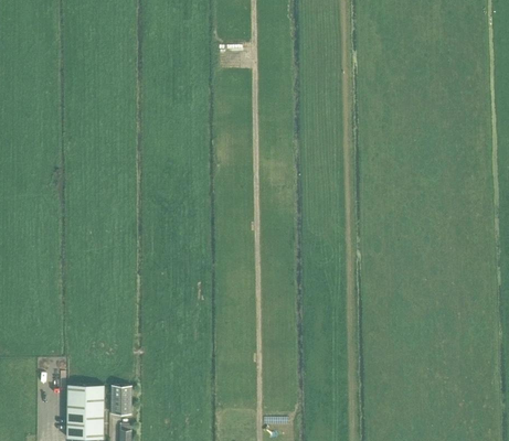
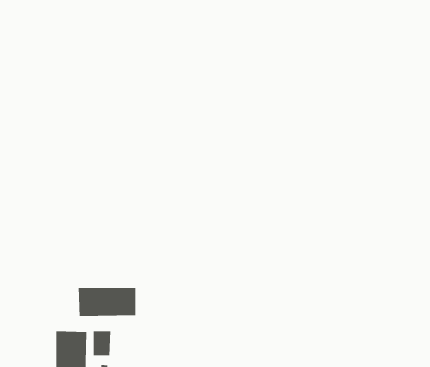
building: none -> [78,287,136,317]

